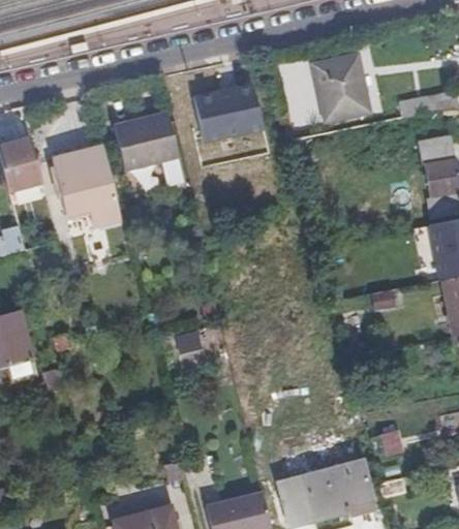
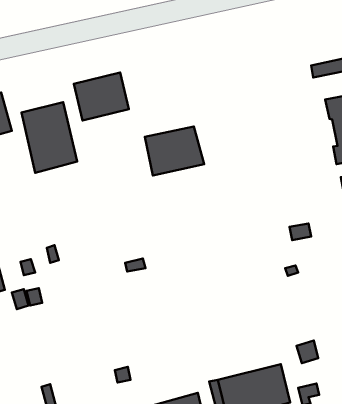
building: [315,58,369,122] -> none
building: [282,62,314,124] -> none
building: [196,83,267,141] -> [145,126,204,175]

